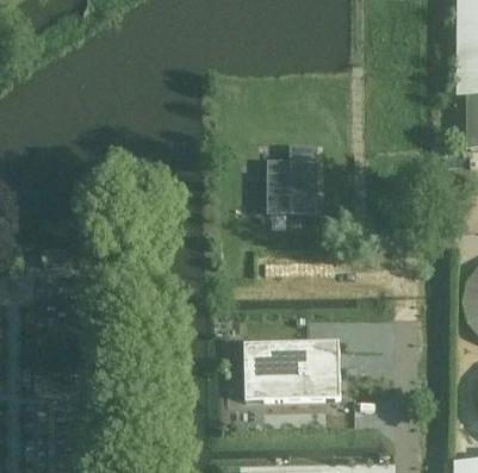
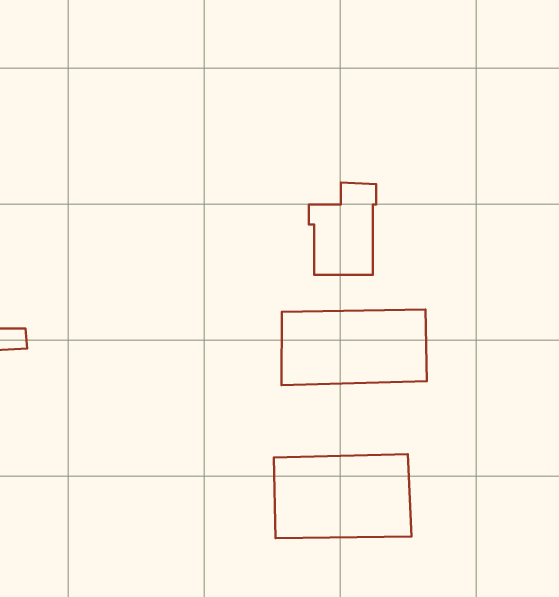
building: none -> [282,309,427,385]

